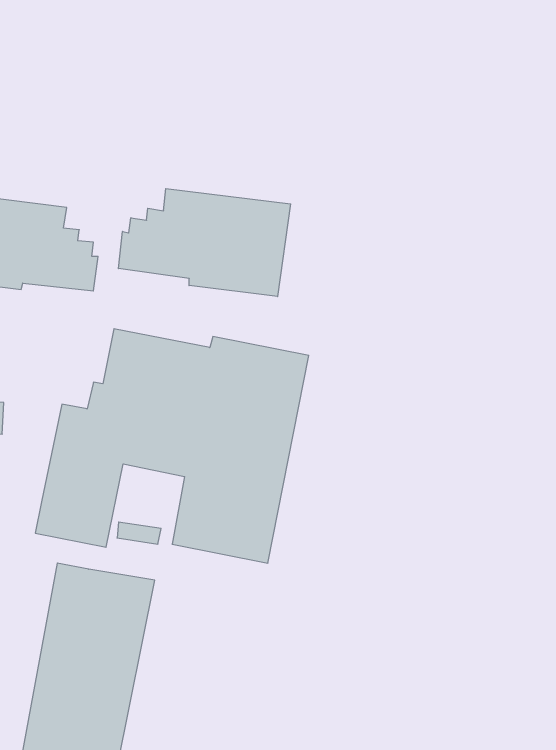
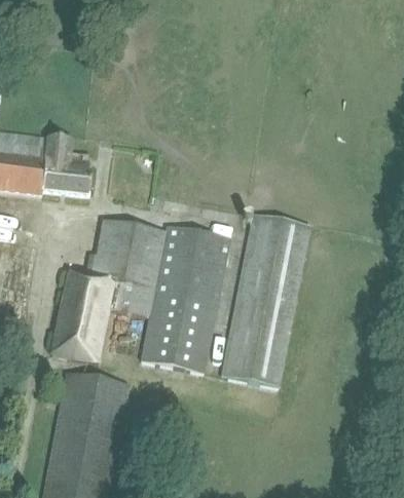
building: [118,189,291,297] -> none
building: none -> [222,214,309,386]

